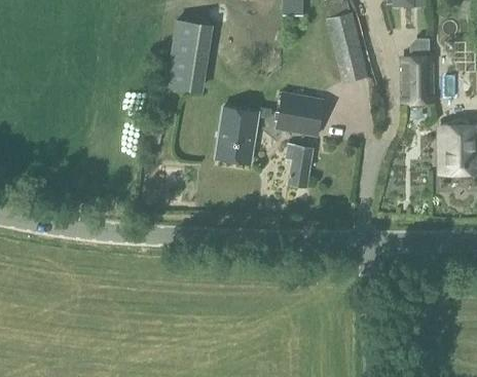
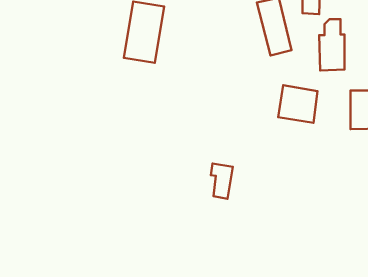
building: [276,91,324,138] -> [278,85,318,123]
building: [216,108,258,164] -> none
building: [286,144,313,187] -> [211,163,233,199]

